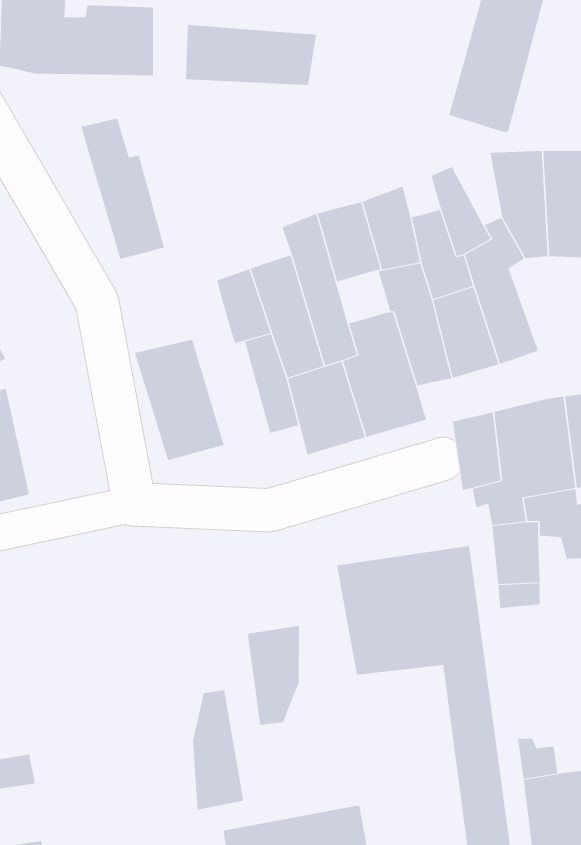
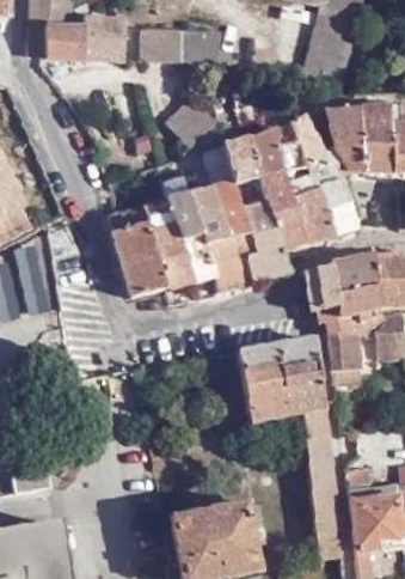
building: [80,118,165,259] -> [143,196,195,282]
building: none -> [167,95,219,146]
building: [247,625,300,725] -> none
building: [193,690,244,810] -> none

